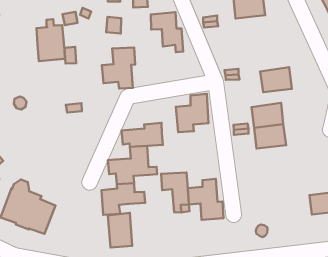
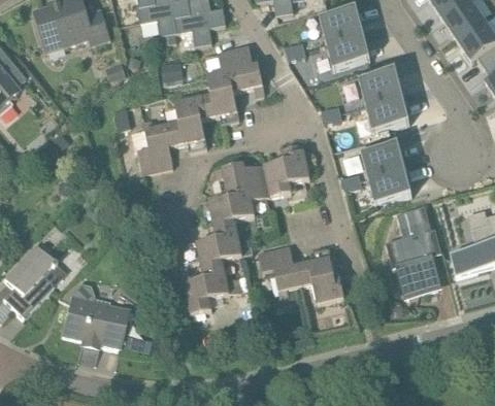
building: none -> [327,34,370,69]
building: [37,19,65,61] -> [132,119,173,174]
building: none -> [202,69,239,124]
building: none -> [359,70,402,106]
building: none -> [213,164,272,201]
building: none -> [385,206,437,291]
building: [108,213,132,247] -> none

